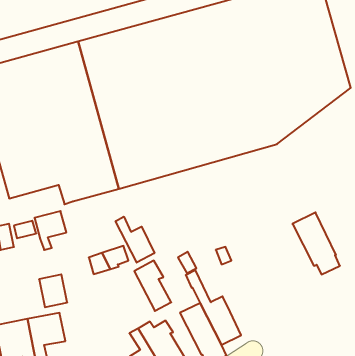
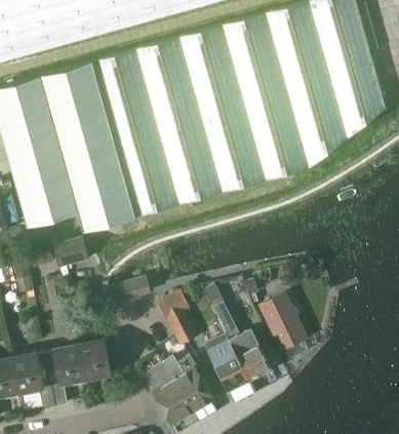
building: [292,212,340,274] -> [258,292,309,358]
building: [116,217,154,263] -> none
building: [39,274,67,307] -> [79,341,109,376]

